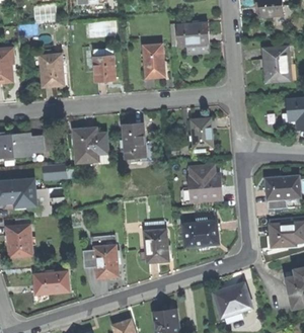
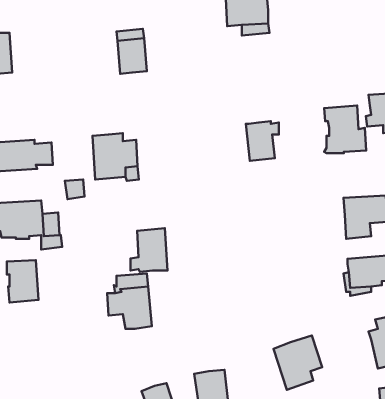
building: [260,44,293,80] -> [324,105,366,153]
building: [143,45,164,78] -> none
building: [41,55,64,87] -> none
building: [125,124,153,163] -> none
building: [186,166,221,202] -> none
building: [183,219,220,248] -> none
building: [141,230,169,263] -> [131,228,168,272]
building: [32,270,70,305] -> none

